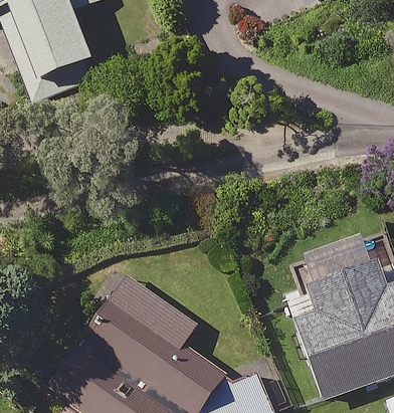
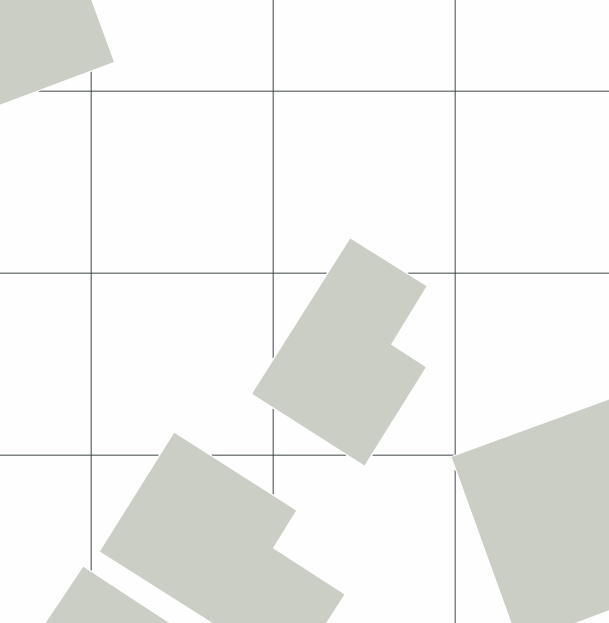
building: none -> [251,238,428,467]

